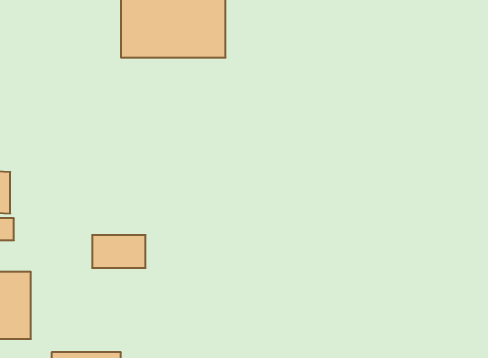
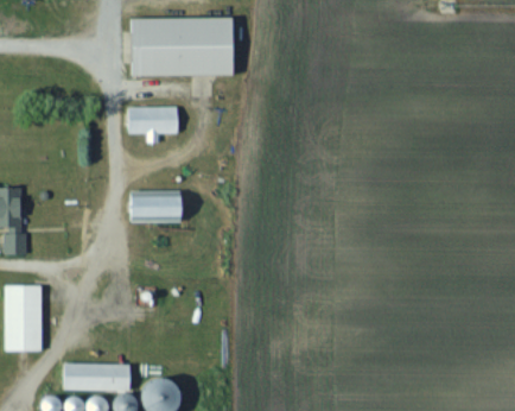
building: none -> [128,107,179,141]
building: [92,235,146,268] -> [128,190,180,222]

